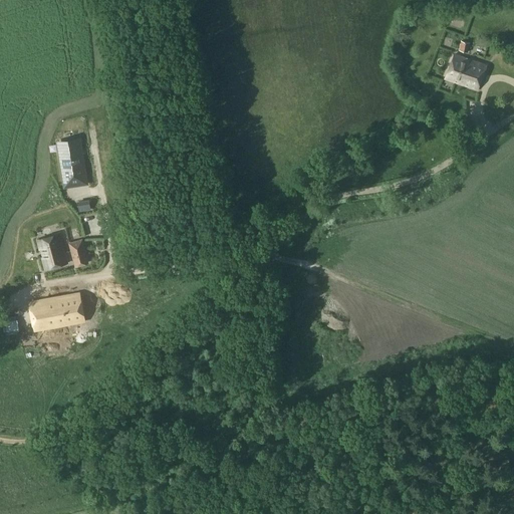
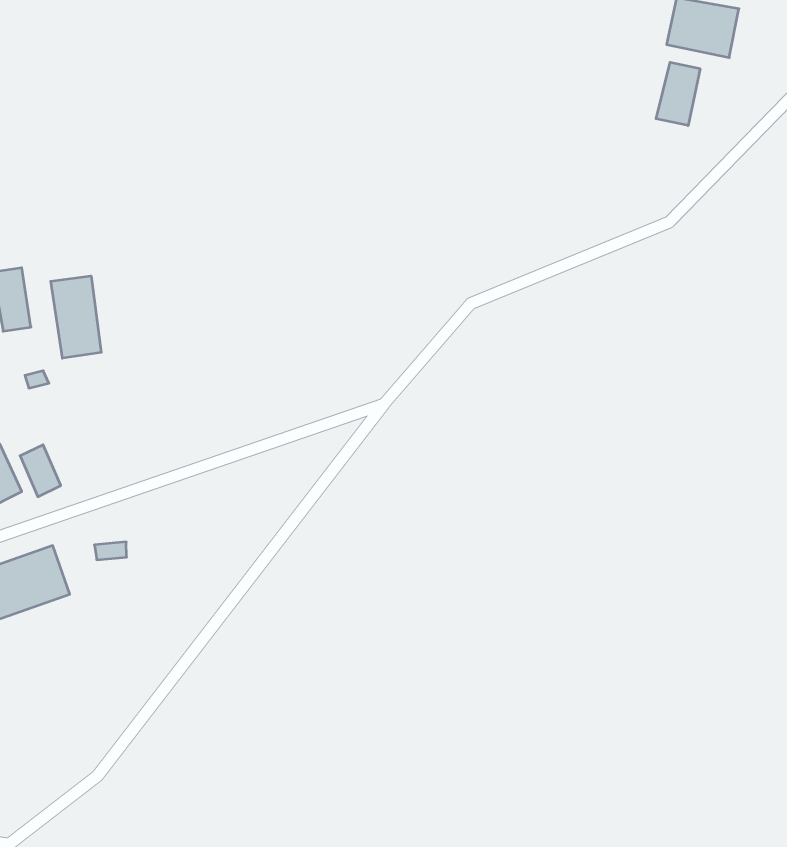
building: none -> [656,62,700,126]
building: none -> [51,276,101,358]

